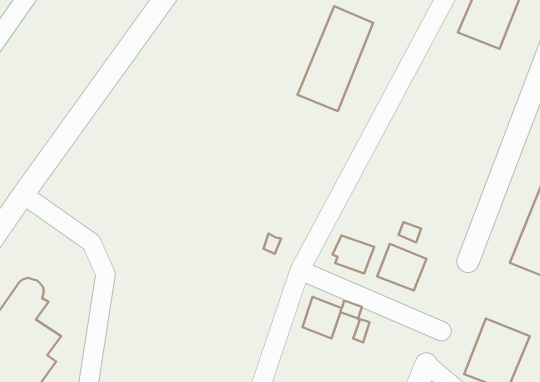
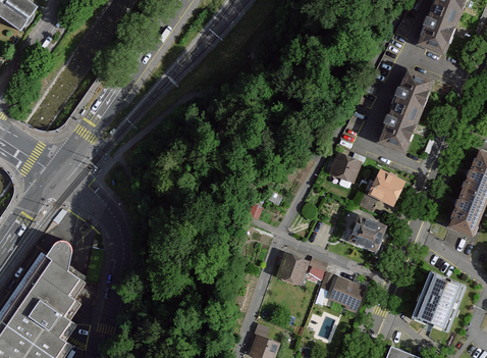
building: [297,6,373,111] -> [375,68,436,153]
building: none -> [363,167,400,203]
building: [333,235,374,273] -> [324,151,358,182]
building: none -> [330,276,369,314]

